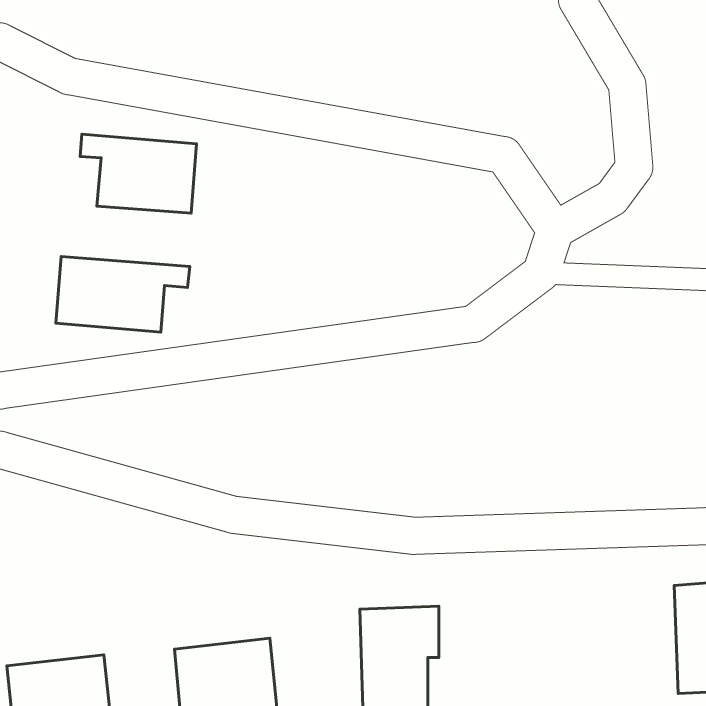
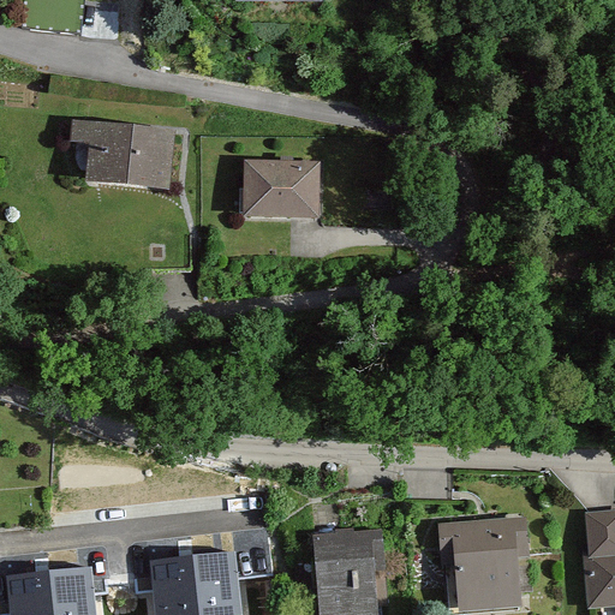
building: none -> [241,159,317,215]
building: [56,257,190,332] -> none
building: none -> [437,520,529,608]

